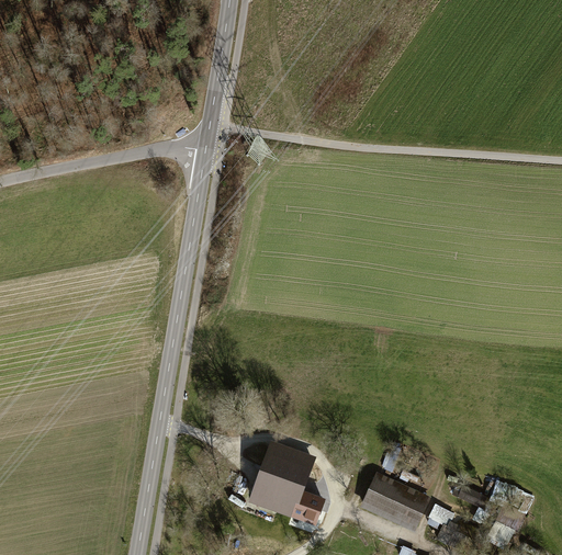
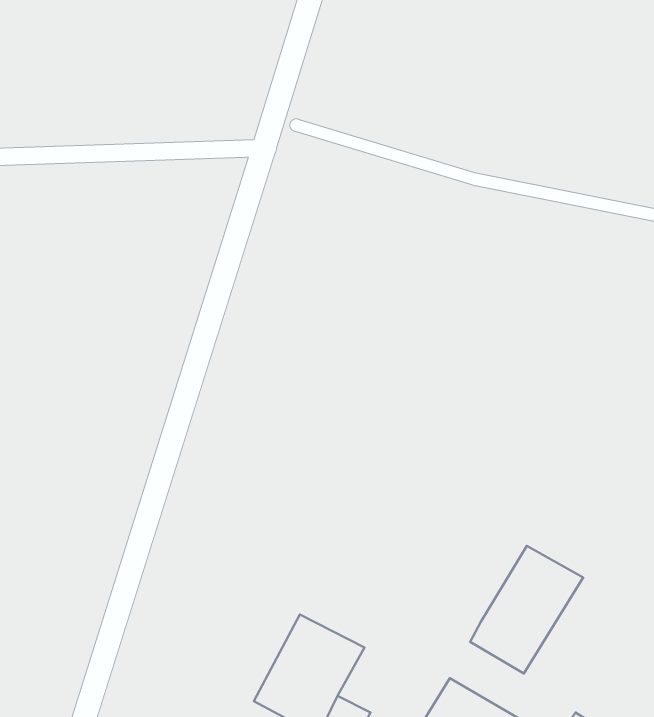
building: none -> [470,546,583,673]

